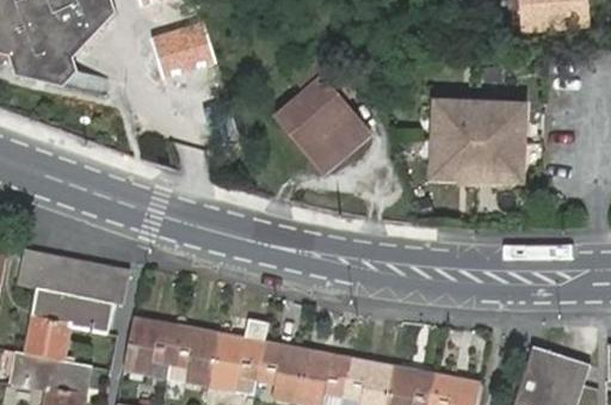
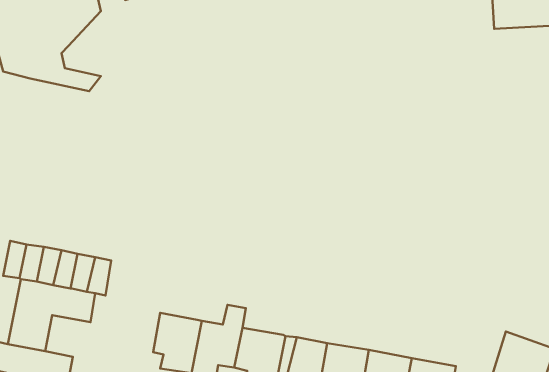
building: [148,22,215,78] -> none
building: [279,50,366,171] -> none
building: [430,99,524,178] -> none
building: [121,317,177,376] -> none

